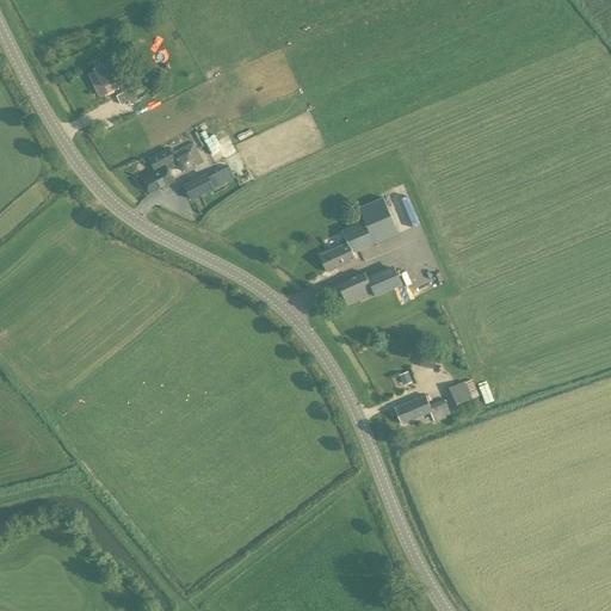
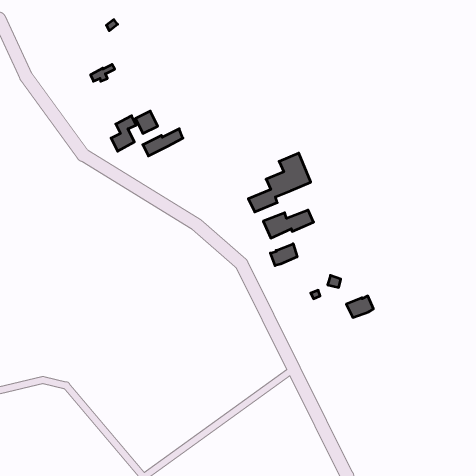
building: [87,60,118,95] -> none
building: none -> [270,244,297,266]
building: [394,394,450,424] -> none

